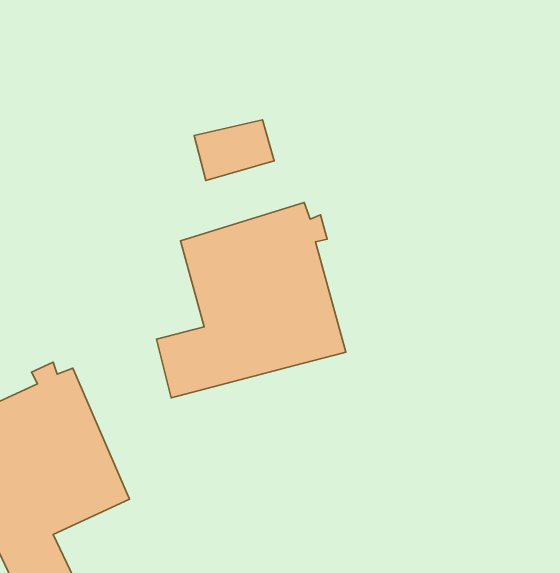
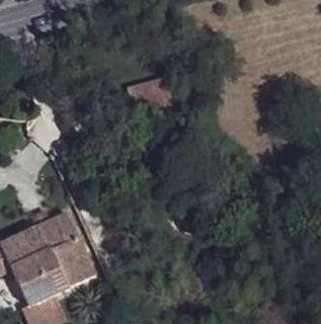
building: [157,203,346,398] -> none

